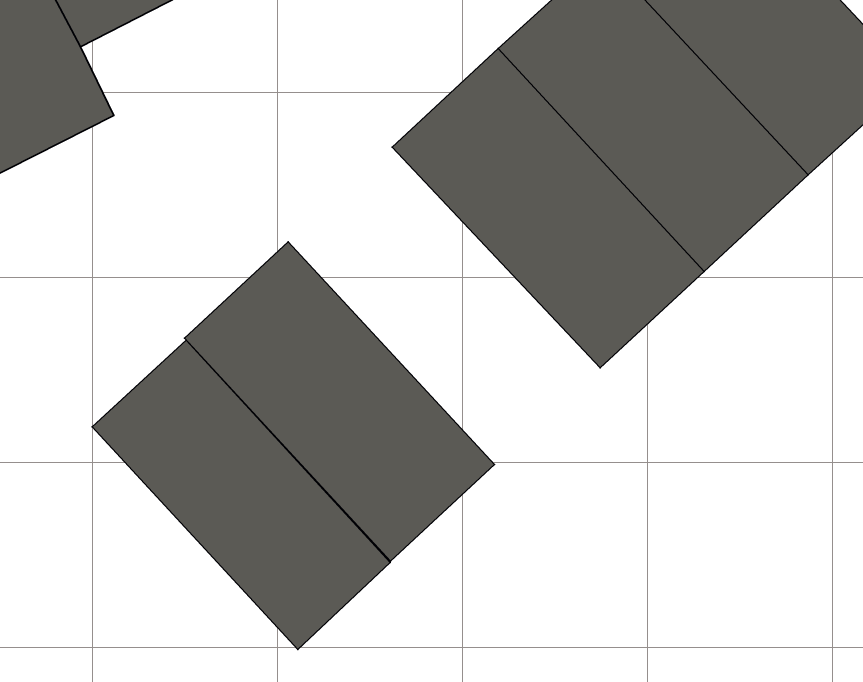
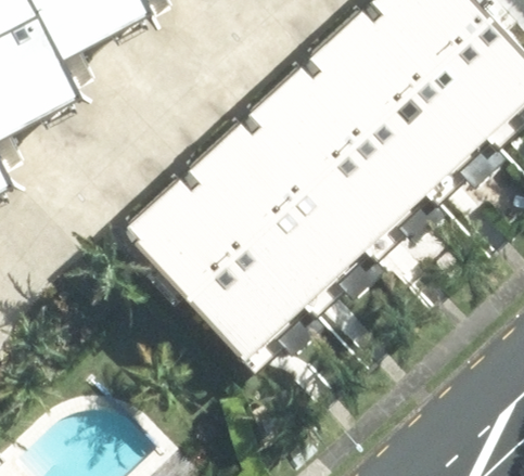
building: none -> [171,126,354,311]
building: [92,340,390,649] -> none

